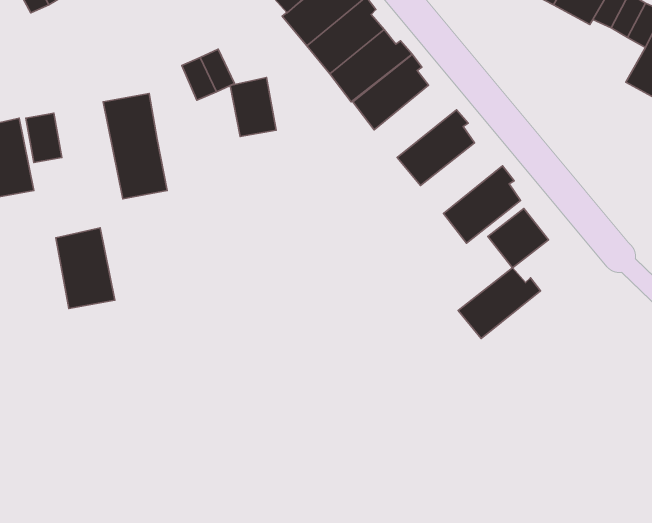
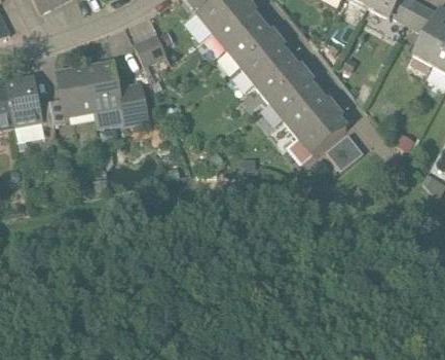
building: [230,77,276,137] -> [118,84,147,121]
building: none -> [254,56,305,101]
building: [56,228,115,309] -> [57,66,94,116]
building: [458,268,540,339] -> [283,92,334,136]

